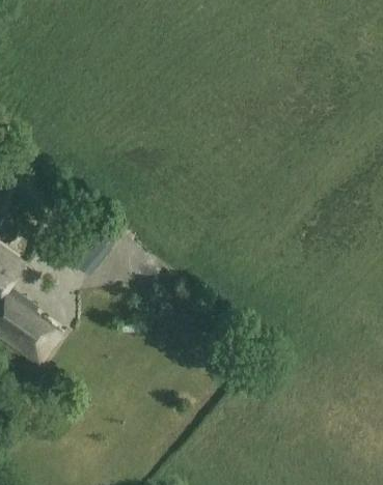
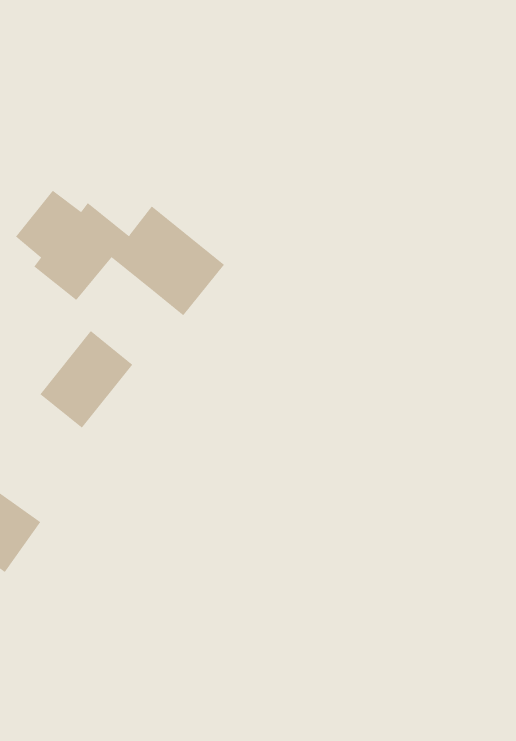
building: none -> [15,190,225,316]

